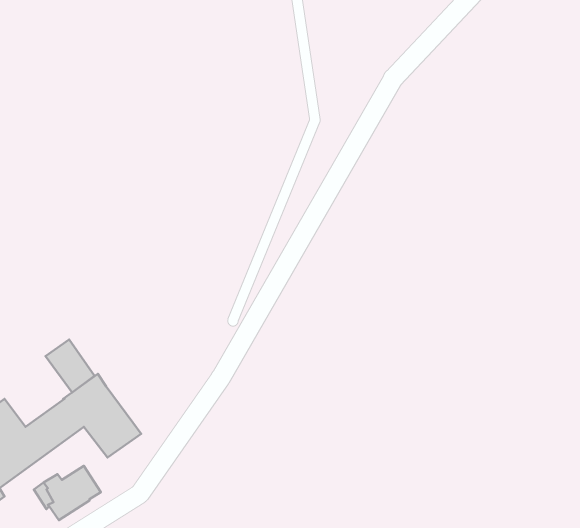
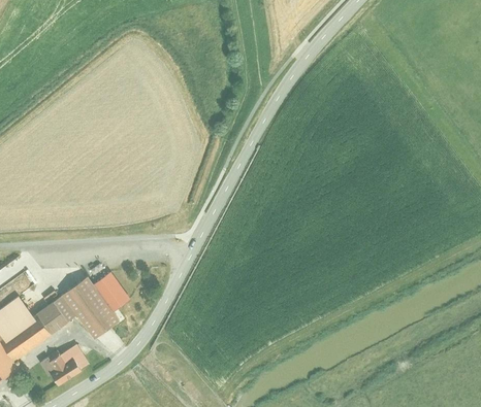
building: [46,340,94,392] -> [92,274,128,313]

